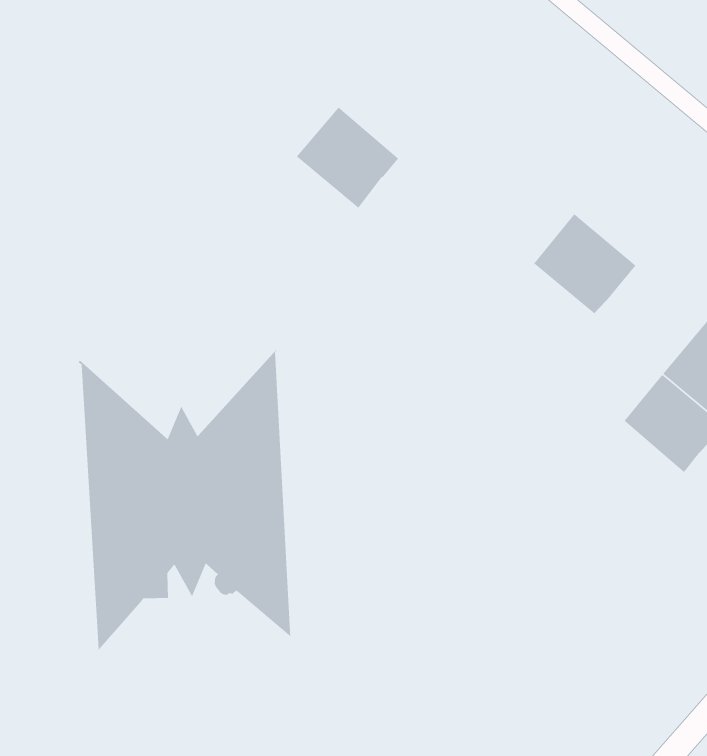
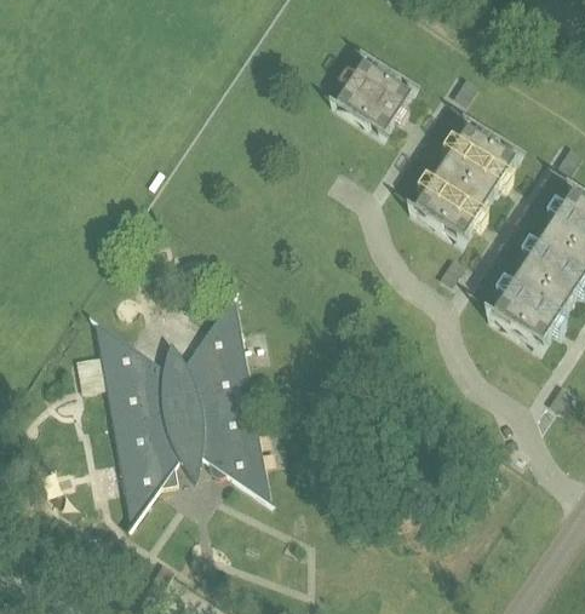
building: [296,106,399,209] -> [333,58,408,131]
building: none -> [437,127,512,199]

